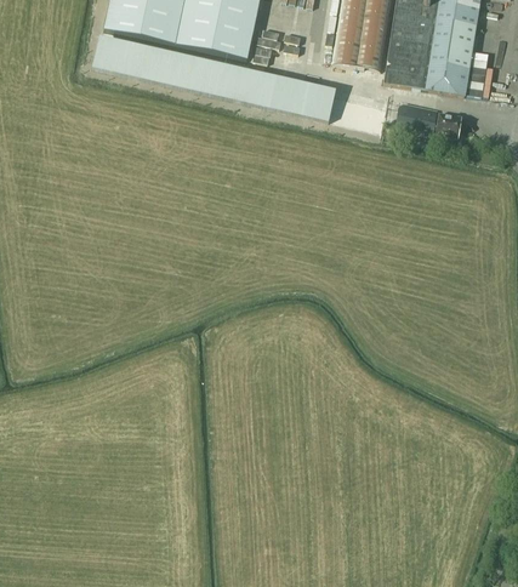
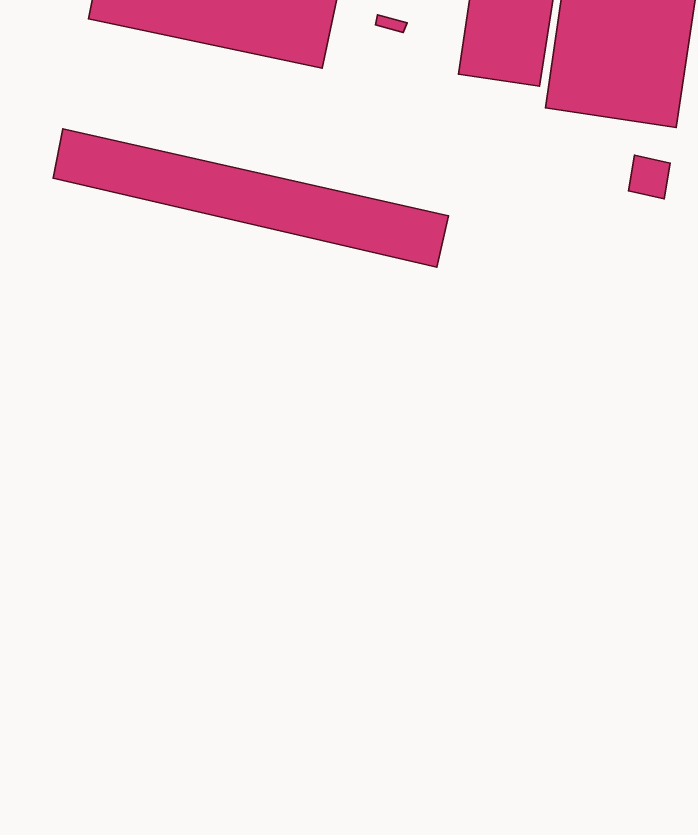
building: [93,35,336,120] -> [53,129,449,267]

